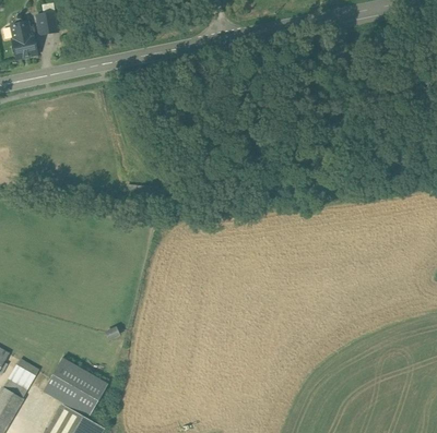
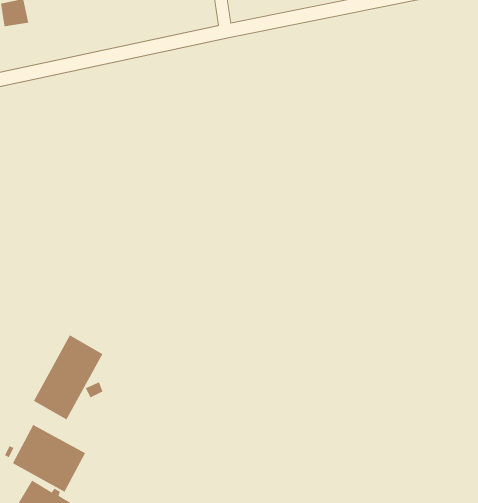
building: none -> [33,334,104,421]

